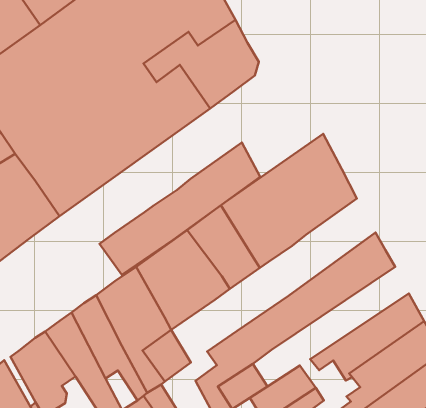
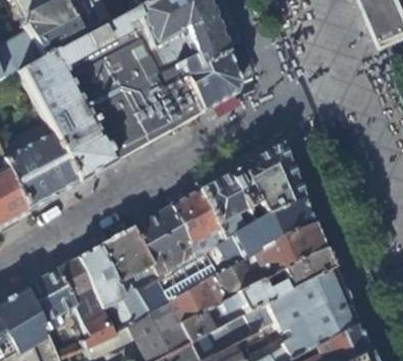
building: [100,142,260,275] -> [189,193,316,283]
building: none -> [228,248,336,311]

